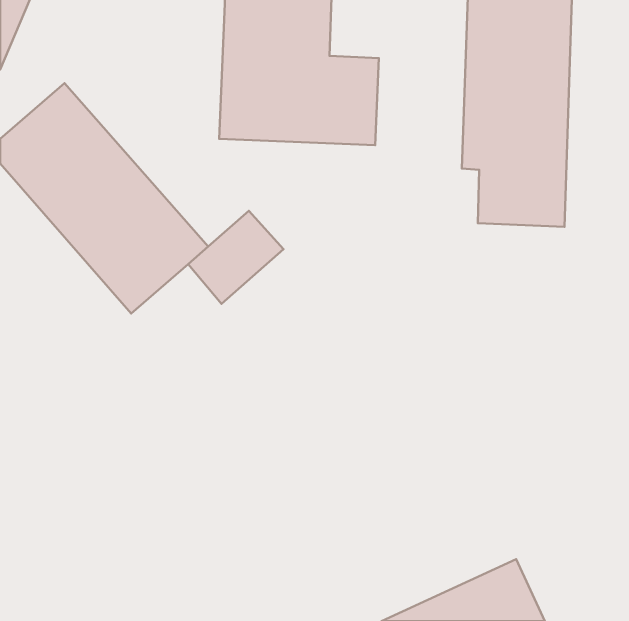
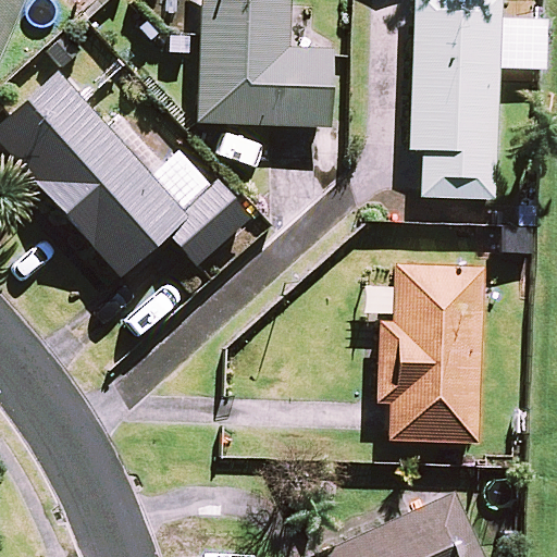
building: none -> [376,261,484,443]

